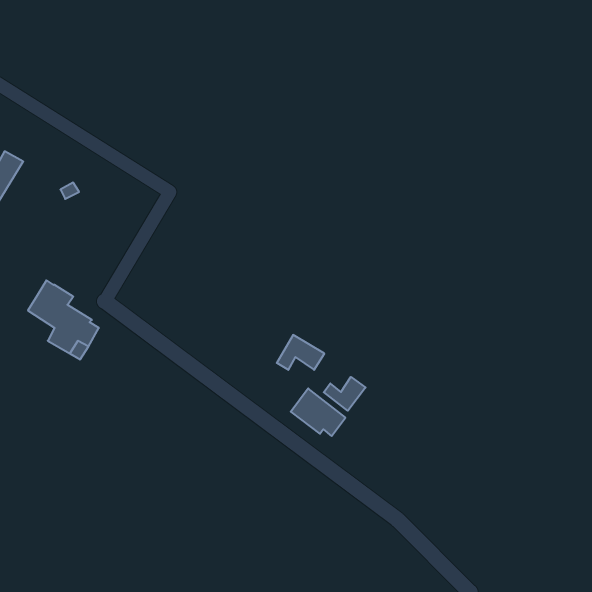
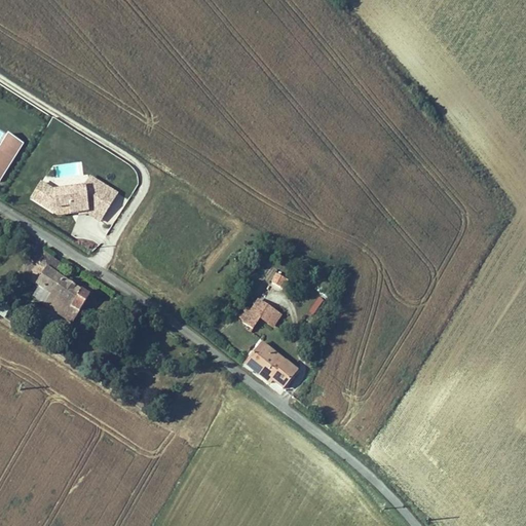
building: none -> [28,176,116,222]
building: [324,377,366,411] -> none

